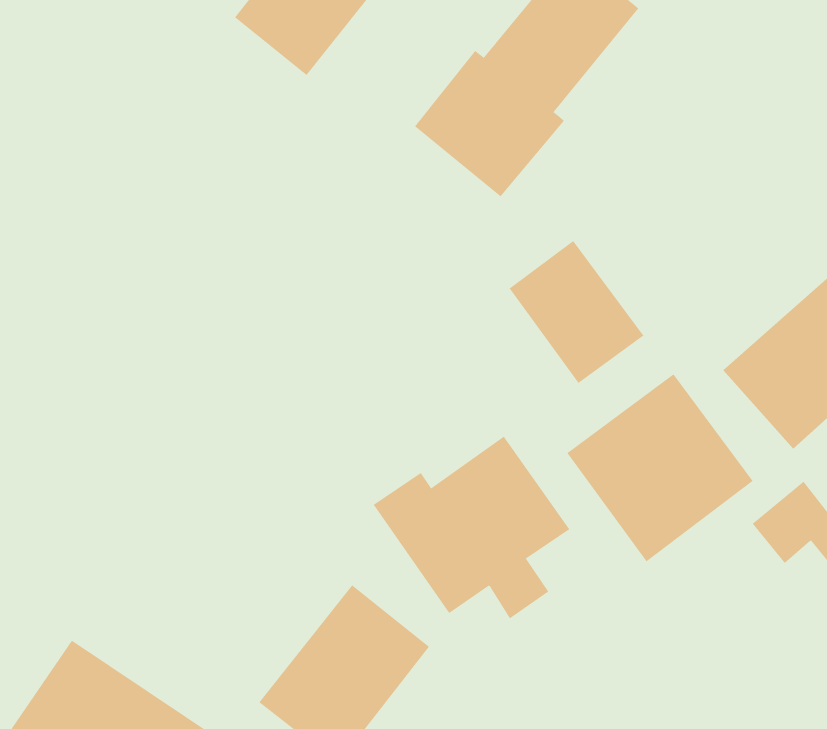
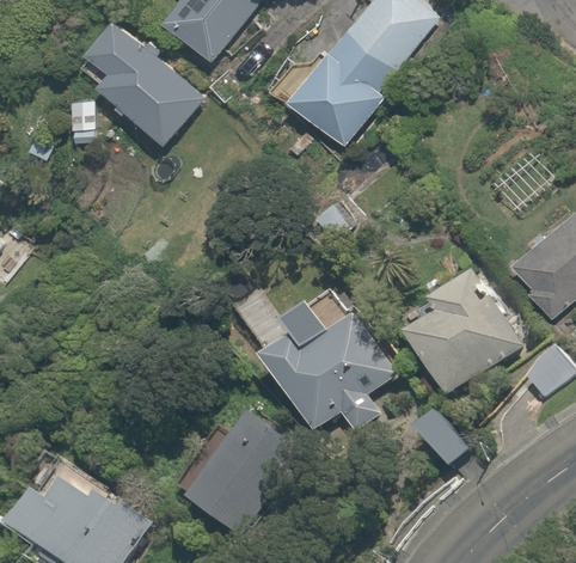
building: none -> [84,19,208,142]
building: [509,240,644,384] -> none
building: none -> [406,406,472,473]

